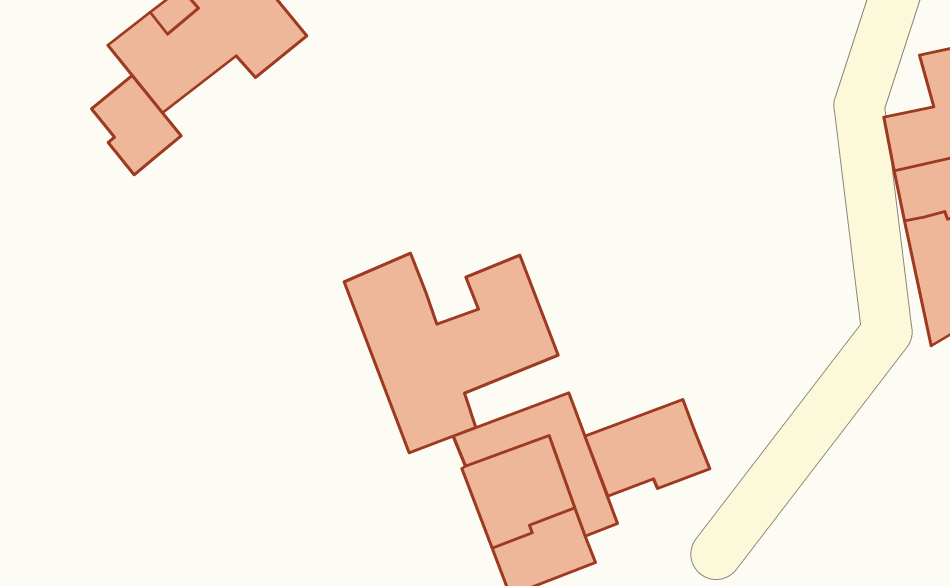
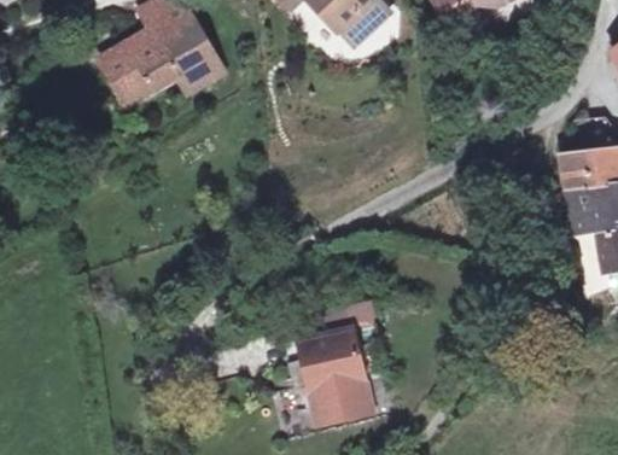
building: [91,75,181,175] -> none
building: [344,253,558,453] -> none
building: [585,399,710,496] -> none

